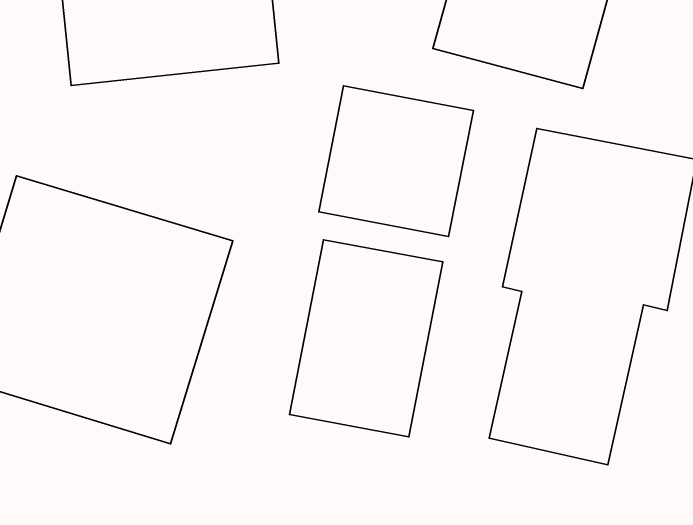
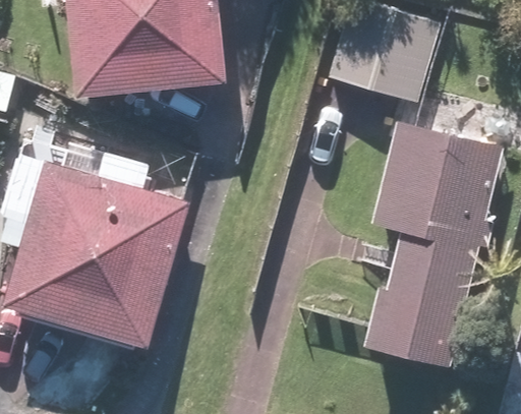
building: [319,86,473,237] -> none
building: [289,240,443,437] -> none

